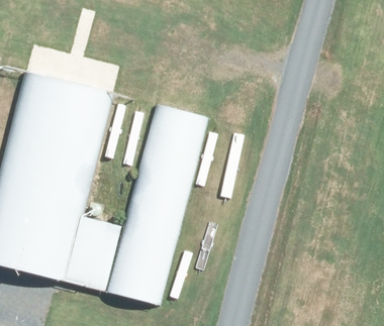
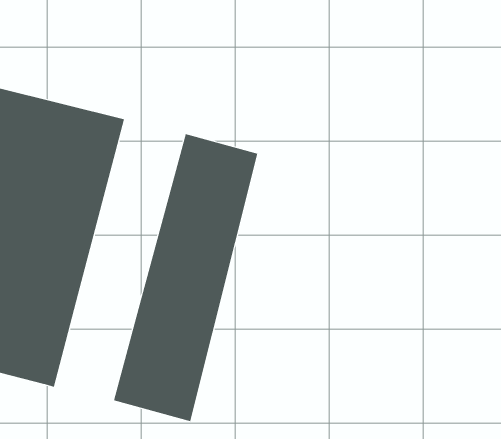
building: [65,216,123,291] -> none

